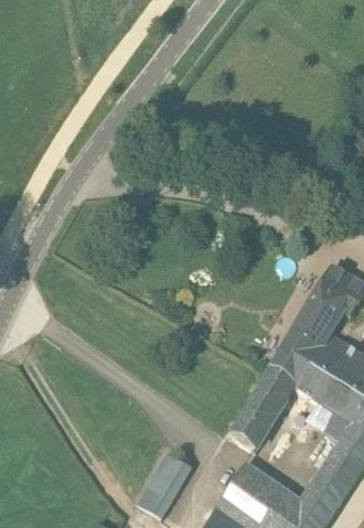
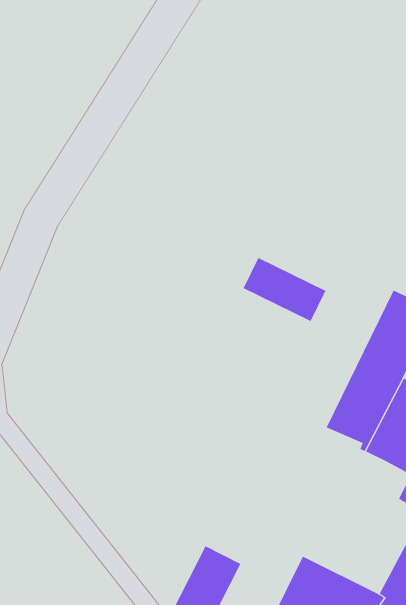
building: none -> [243,257,326,322]
building: [226,370,310,454] -> none

